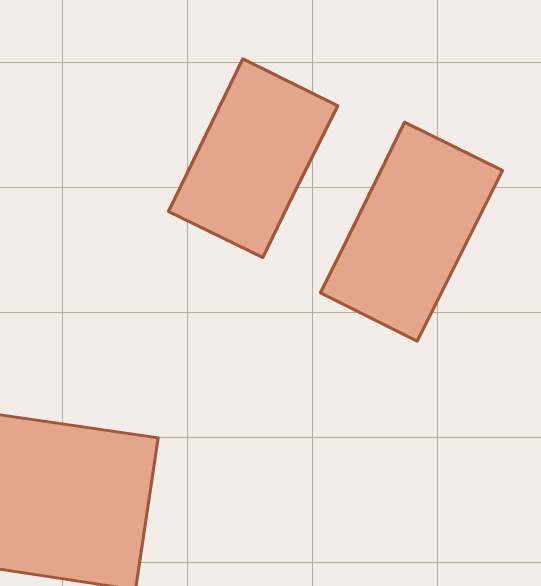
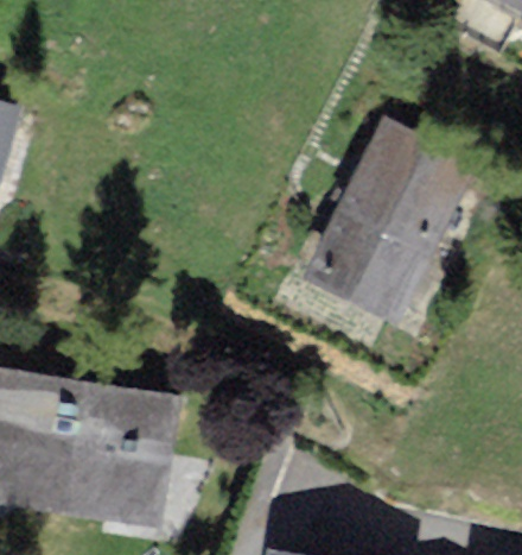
building: [169,59,338,257] -> none

